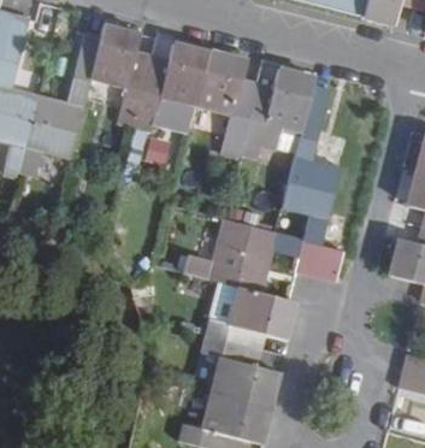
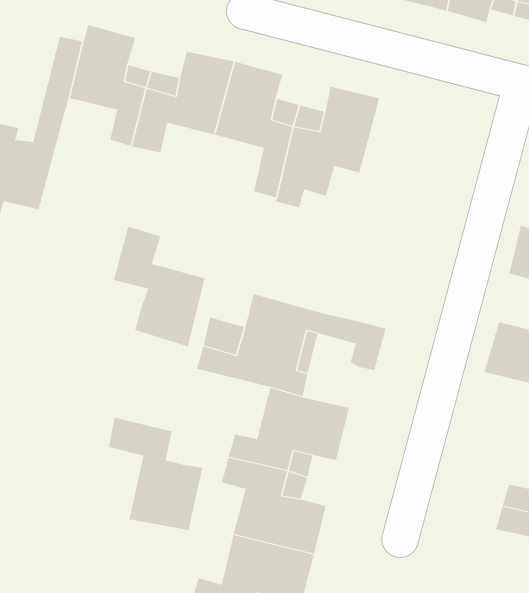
building: [282,88,340,244] -> none
building: none -> [113,226,205,347]
building: none -> [108,417,203,531]

